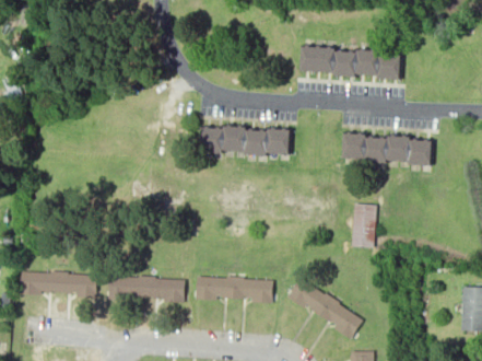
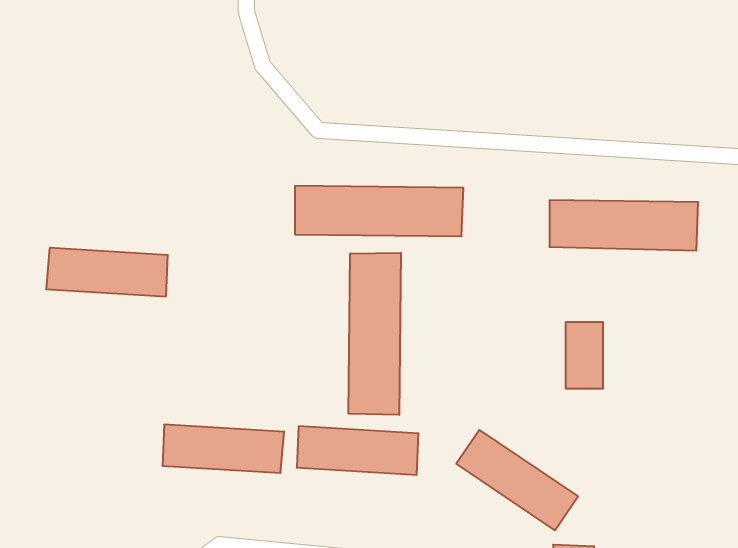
building: [297,49,400,80] -> none
building: none -> [349,253,401,415]
building: [16,270,91,300] -> [46,248,168,296]

